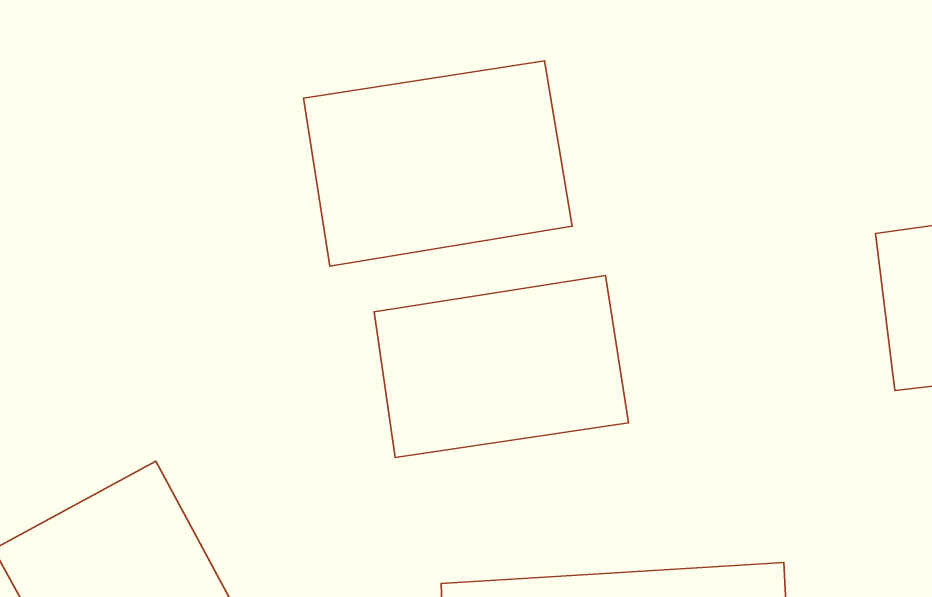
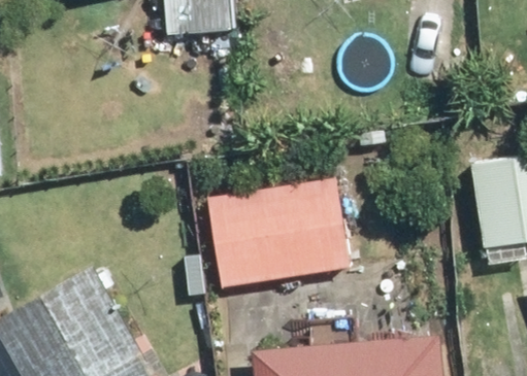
building: [304,61,572,266] -> none

